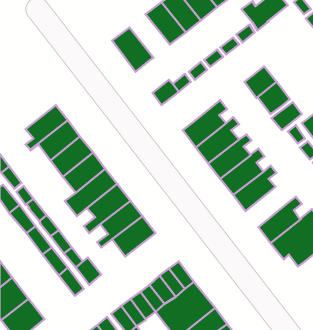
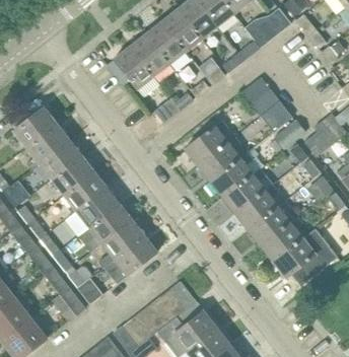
building: none -> [131,32,171,76]
building: none -> [13,106,57,148]
building: none -> [248,200,291,246]

